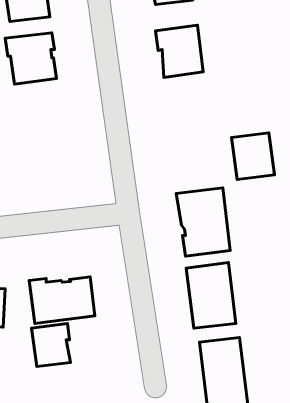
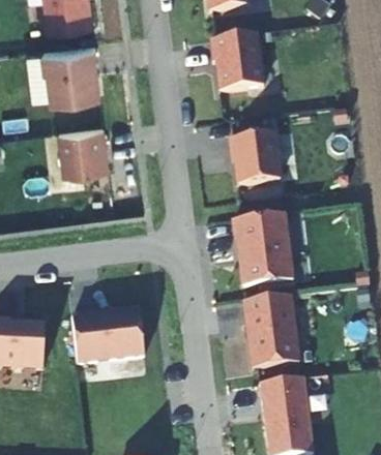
building: none -> [60,123,110,172]
building: [231,133,274,180] -> [232,131,280,183]
building: [31,324,71,366] -> none

